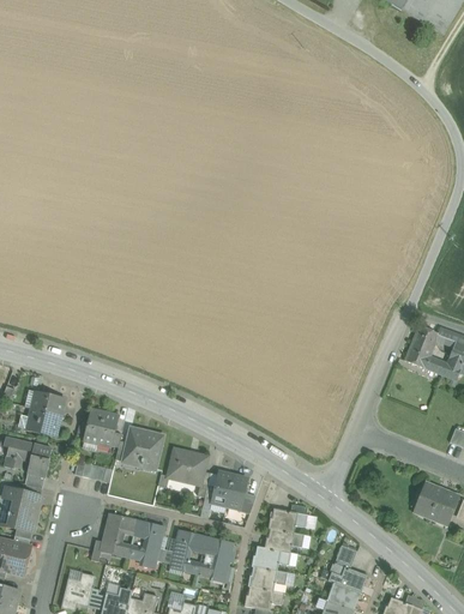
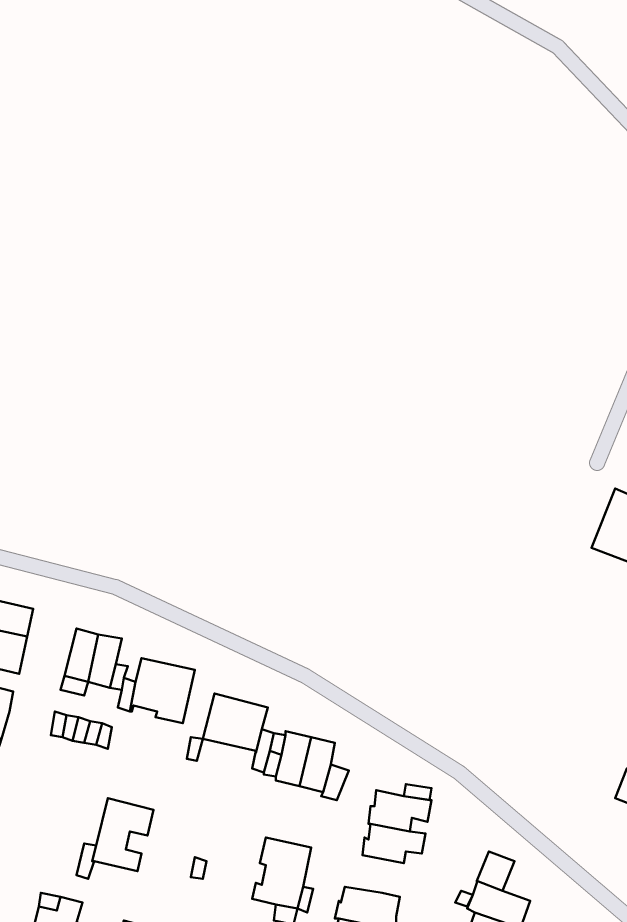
building: [128,519,164,562] -> none
building: [170,530,206,573] -> none
building: [252,546,290,570] -> none

